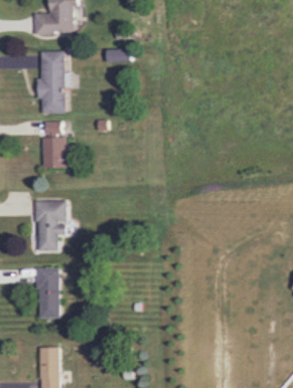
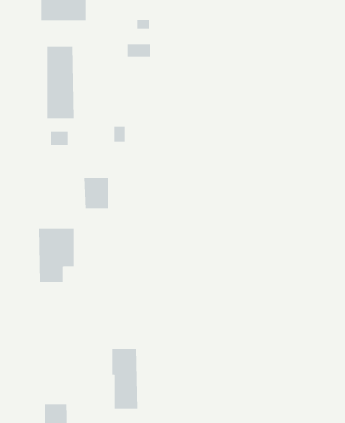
building: [42,139,63,165] -> [83,177,109,209]
building: [37,267,59,318] -> [111,349,138,409]

